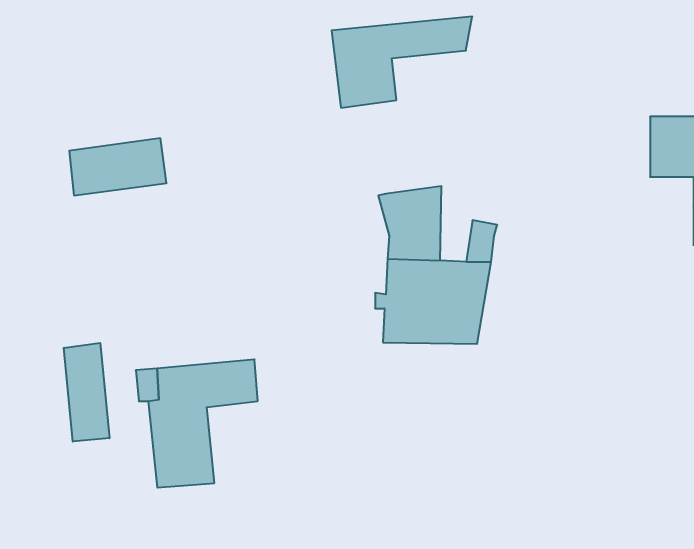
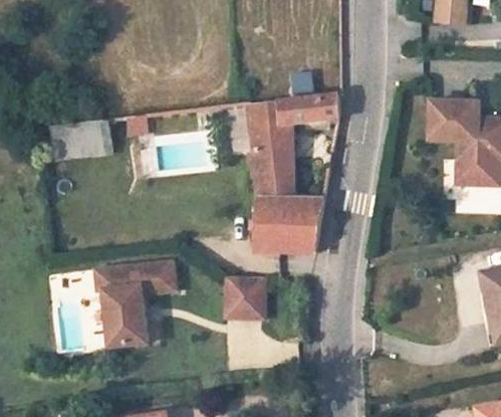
building: [332,17,472,108] -> [250,95,341,155]
building: [64,343,109,442] -> none
building: none -> [224,275,263,318]

